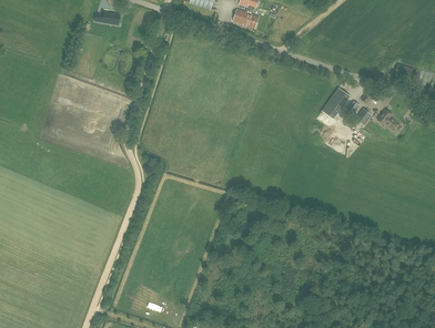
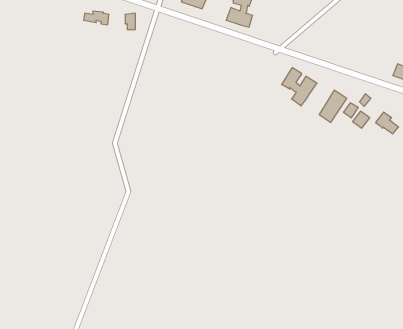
building: none -> [282,68,317,106]

